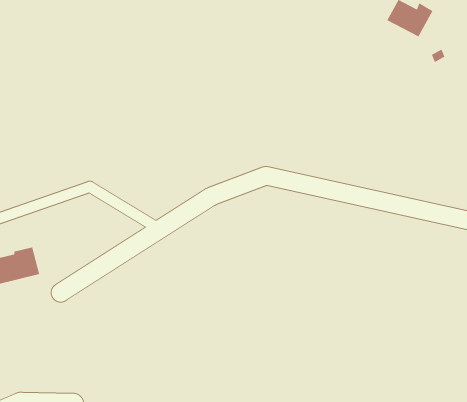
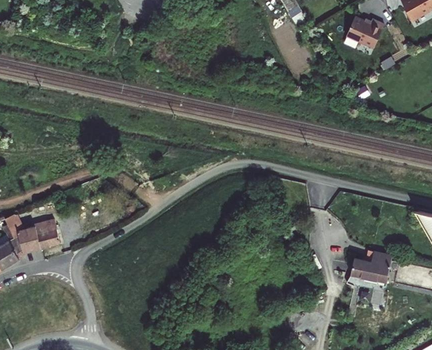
building: none -> [350,251,392,282]

